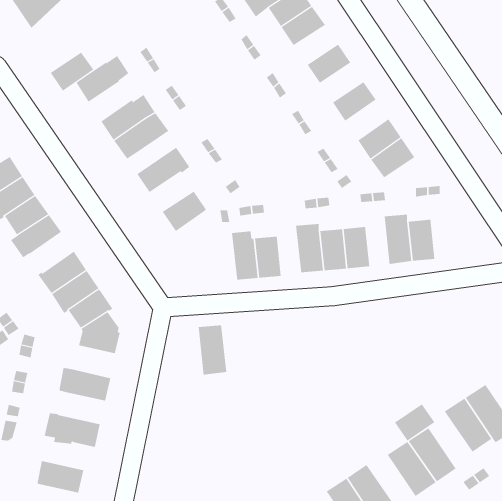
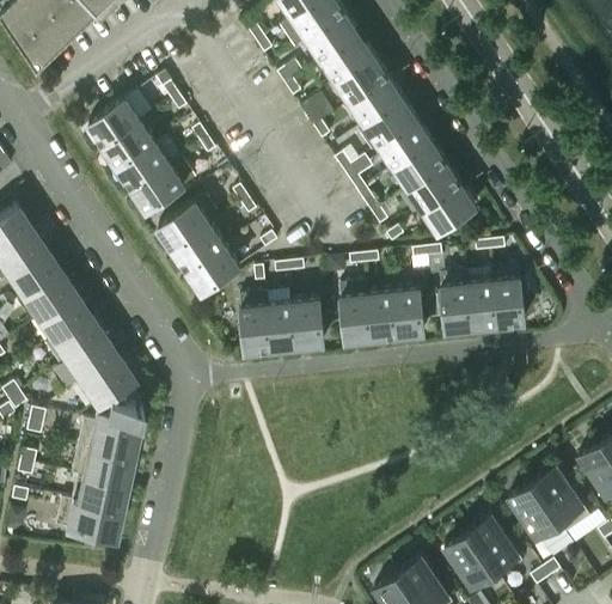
building: none -> [338,56,390,102]
building: [50,52,94,92] -> [105,121,155,166]
building: none -> [359,99,418,151]
building: none -> [397,141,447,188]
building: none -> [175,224,226,269]
building: none -> [494,266,531,323]
building: none -> [39,292,90,338]
building: [198,325,227,375] -> [240,293,274,350]
building: none -> [76,417,136,458]
building: [394,403,435,441] -> none
building: [37,461,84,493] -> [72,474,126,511]

